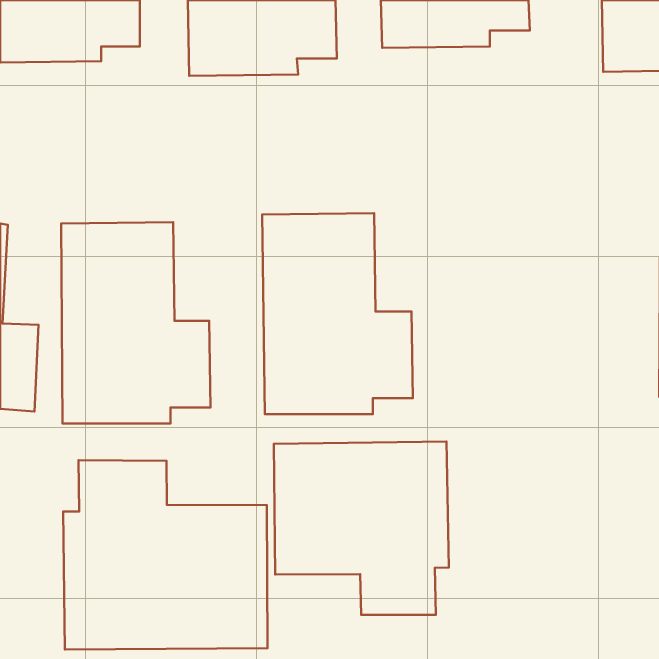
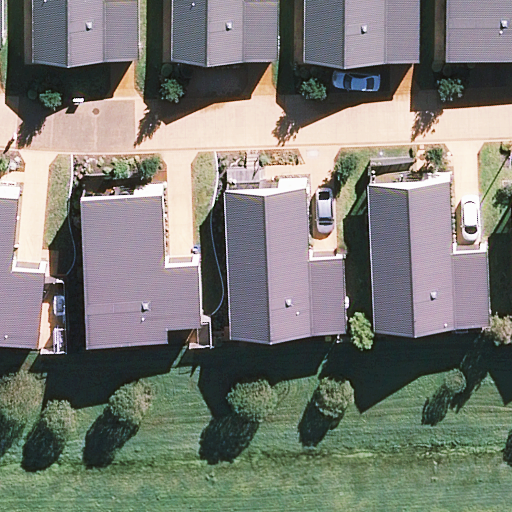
building: none -> [363,173,475,325]
building: [274,441,449,615] -> none
building: [63,460,267,650] -> none

